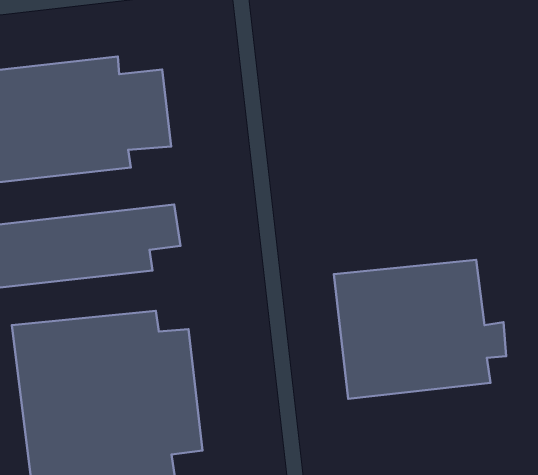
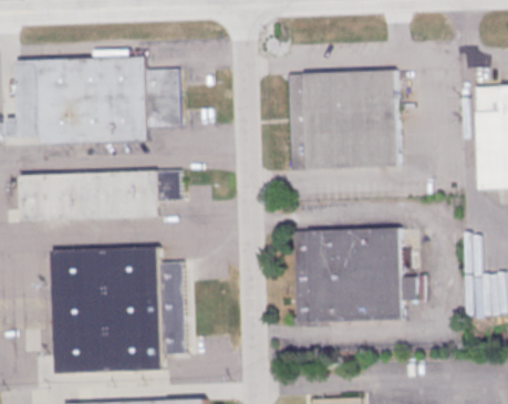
building: none -> [286,70,396,169]

